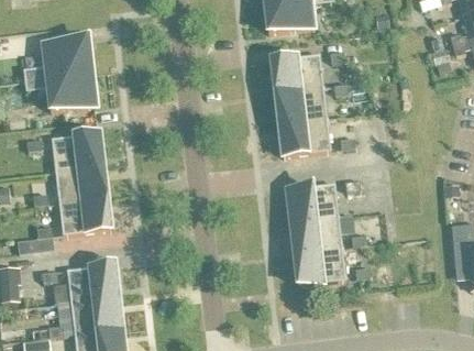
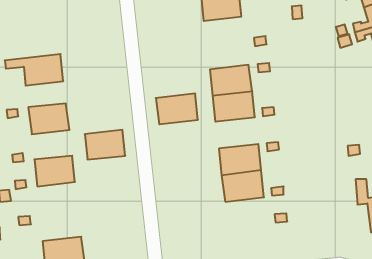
building: [23,37,92,79] -> none
building: [271,53,322,90] -> [156,94,198,124]
building: [57,164,107,200] -> [85,130,125,159]
building: [294,246,345,284] -> none
building: [66,263,118,300] -> none

